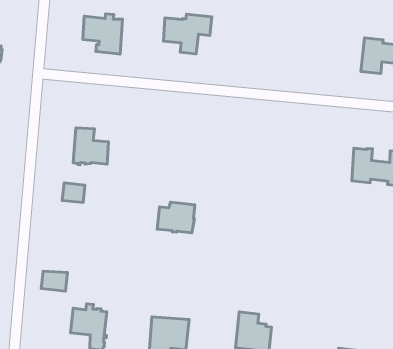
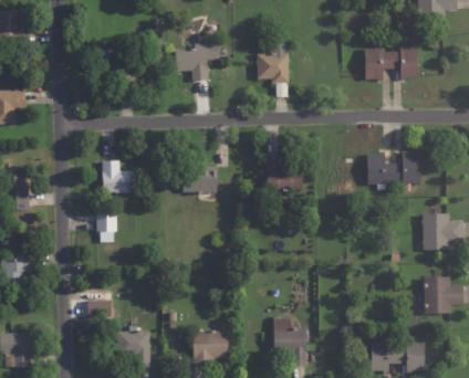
building: none -> [257,43,289,96]
building: none -> [267,160,303,191]
building: [157,202,195,233] -> [184,166,218,193]

